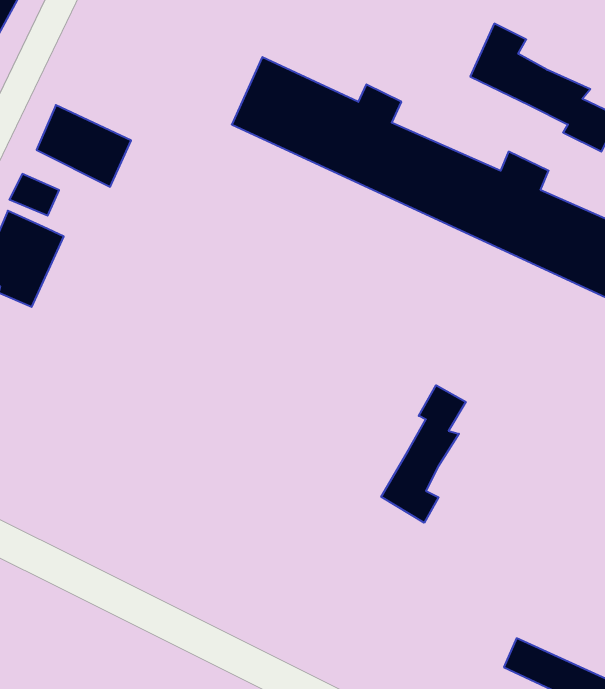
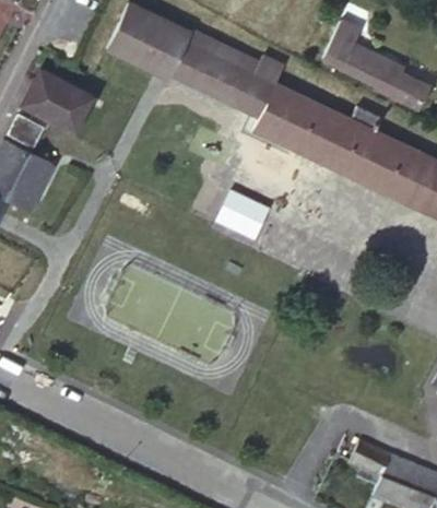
building: none -> [98,12,182,86]
building: [381,385,466,523] -> none

